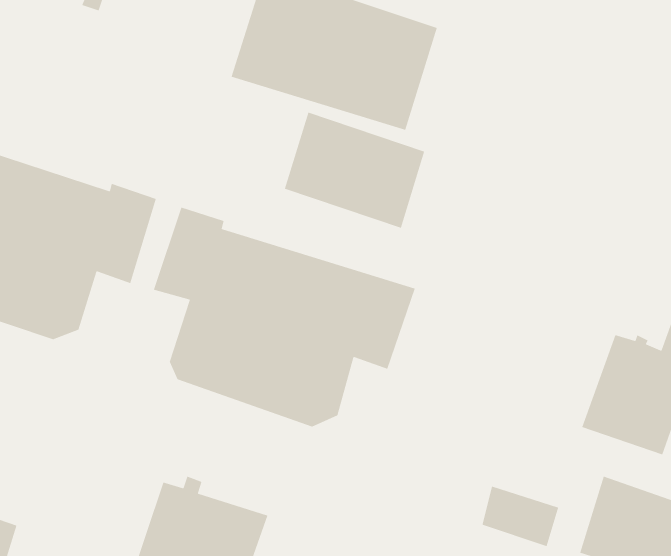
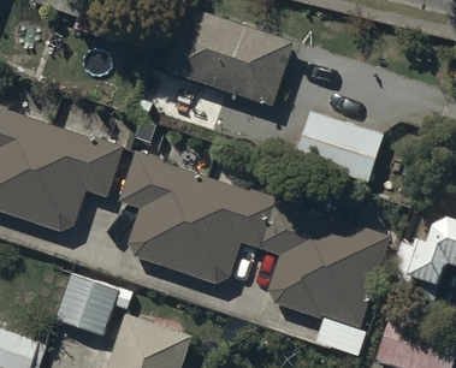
building: [284,111,425,229] -> [298,113,384,184]
building: none -> [262,201,391,328]
building: none -> [57,274,134,336]

